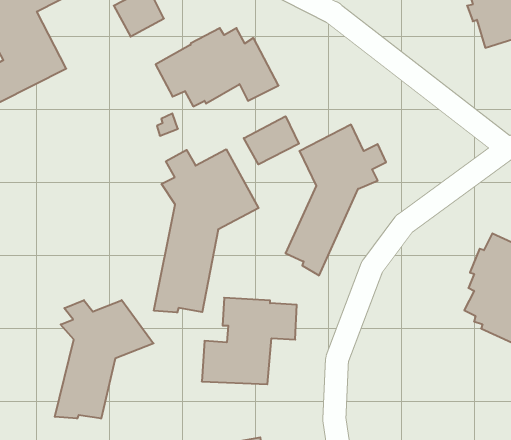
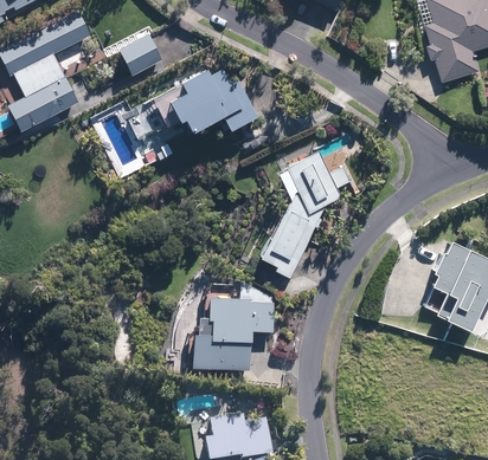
building: [244,116,299,164] -> none
building: [154,149,259,313] -> none
building: [55,300,154,419] -> none

